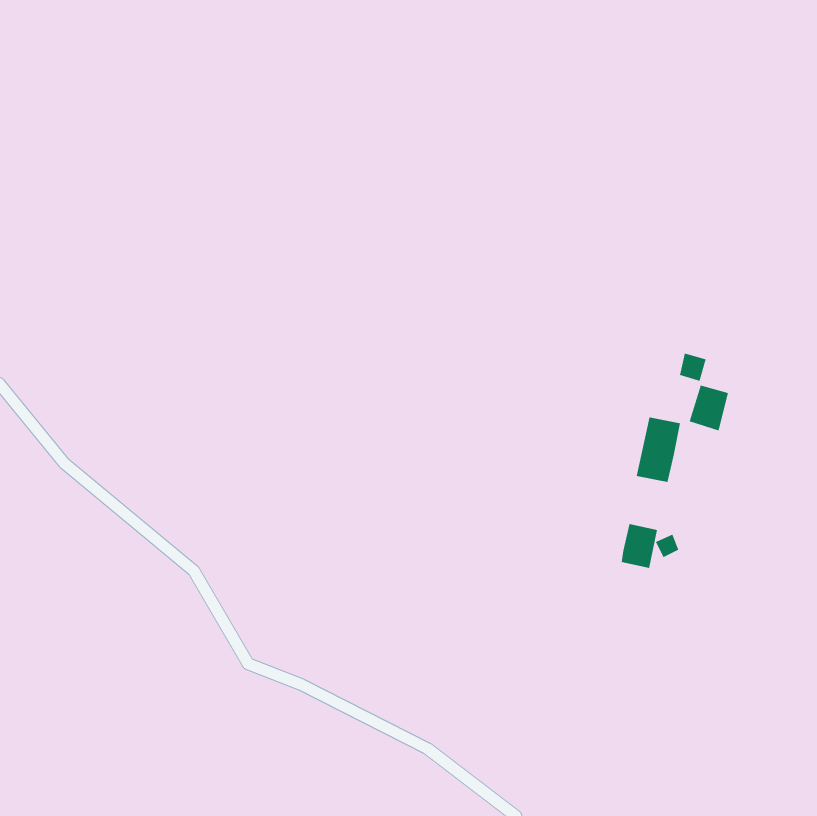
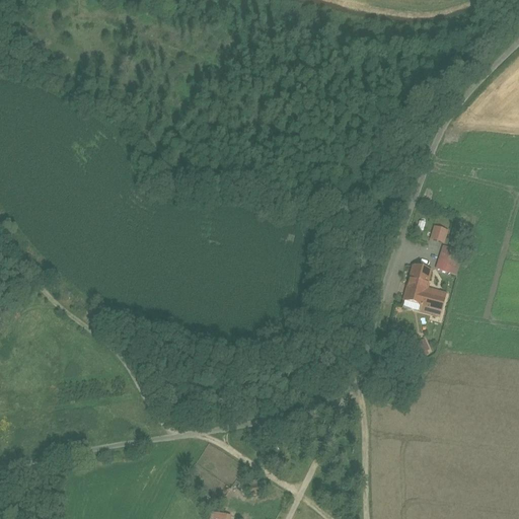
building: [621,524,658,568] -> [422,288,445,316]

